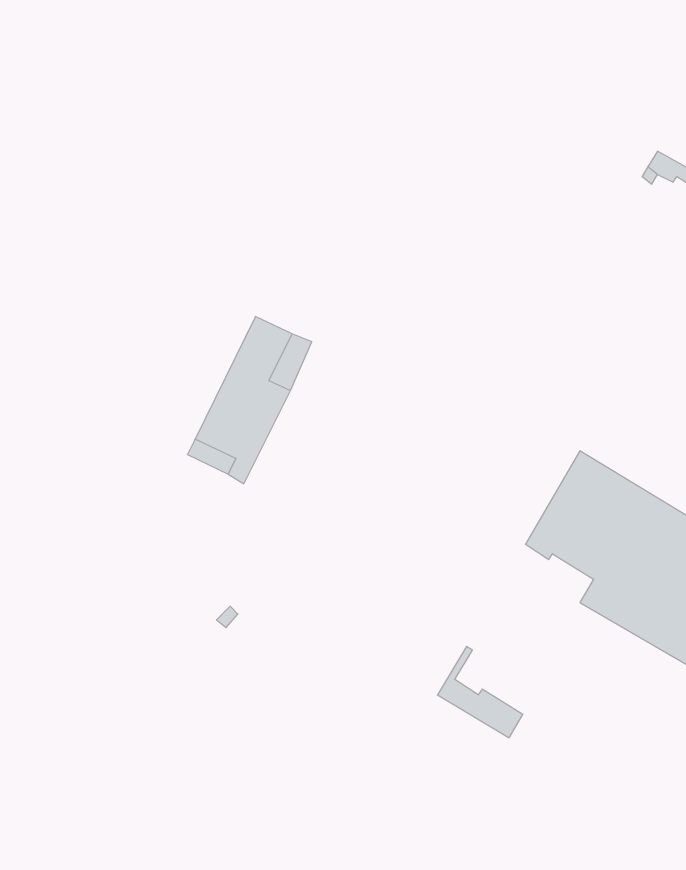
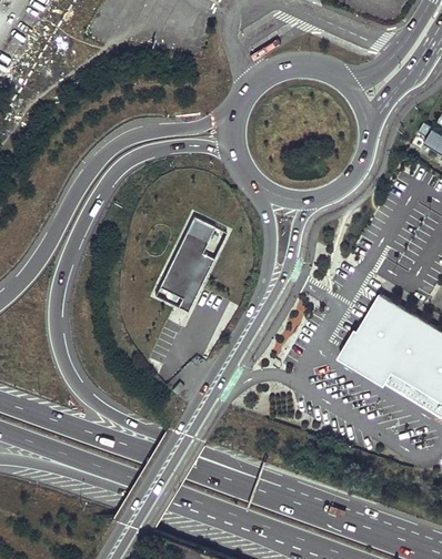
building: [437,646,523,738] -> [336,331,385,383]

